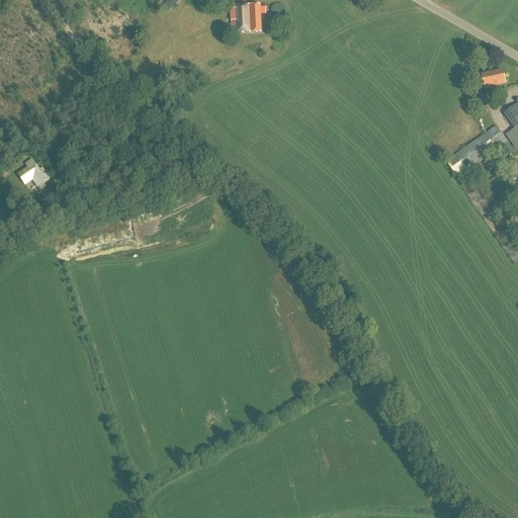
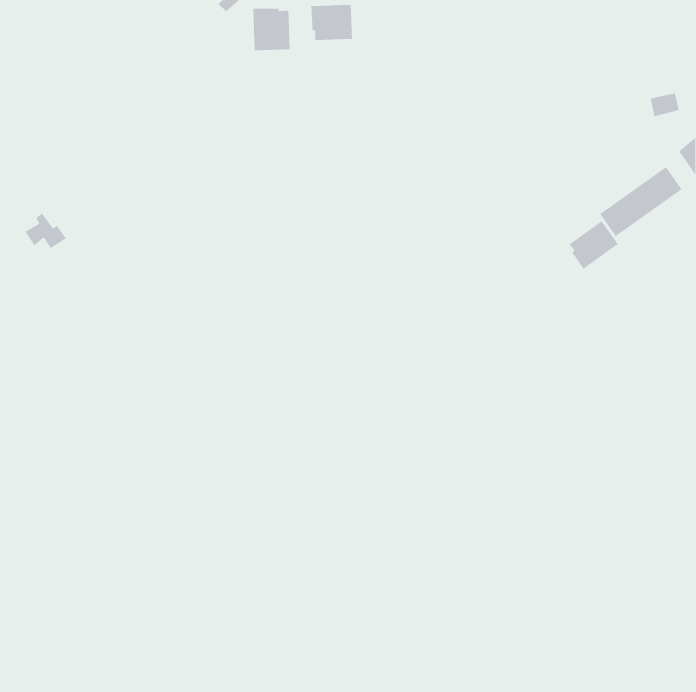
building: none -> [252,8,291,51]
building: none -> [569,220,619,270]

